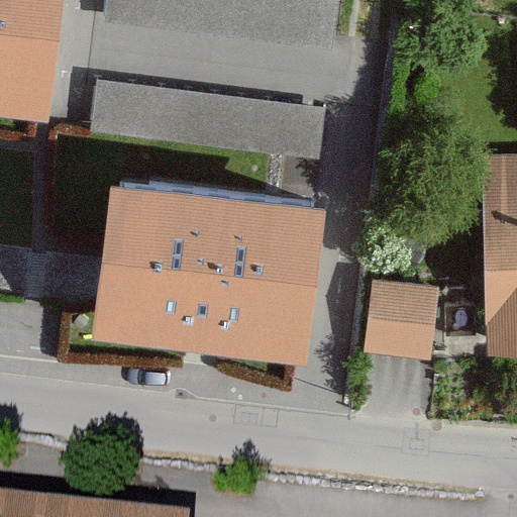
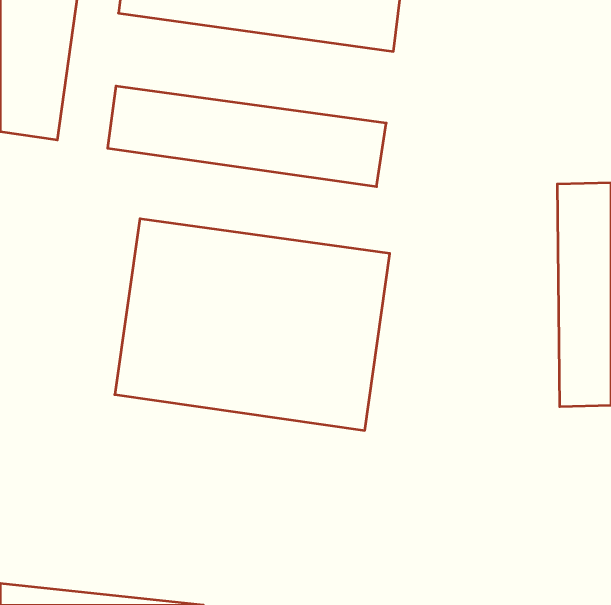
building: [353,278,418,349] -> none

